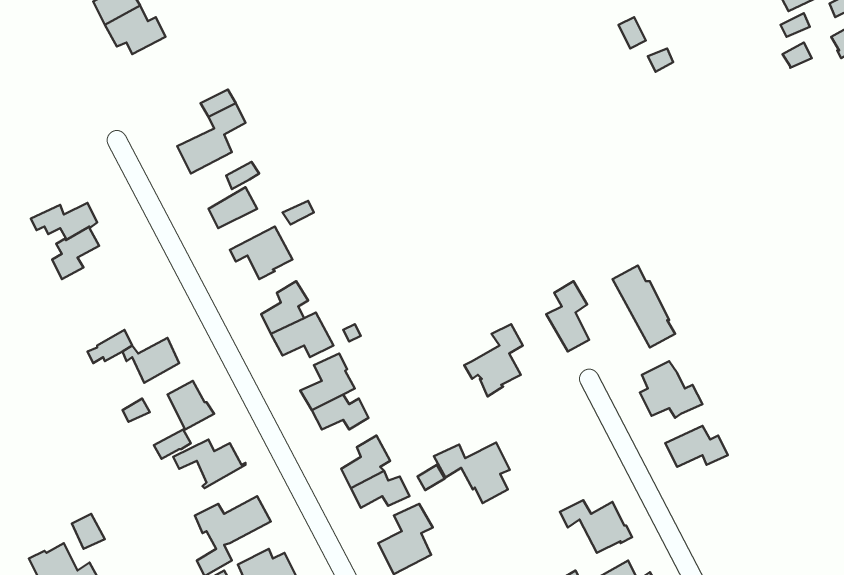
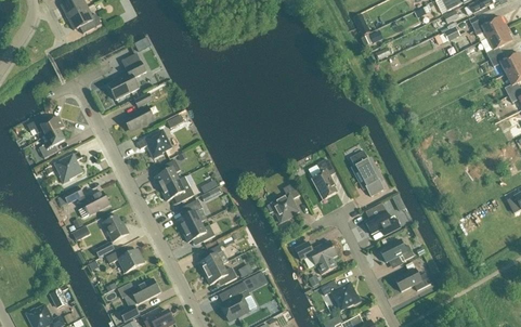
building: none -> [55,151,82,183]
building: [434,442,510,503] -> [295,240,337,274]
building: none -> [394,269,431,291]

